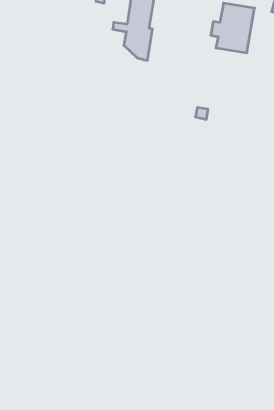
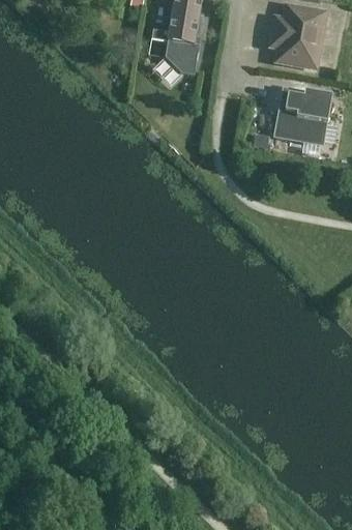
building: none -> [275,87,330,143]

